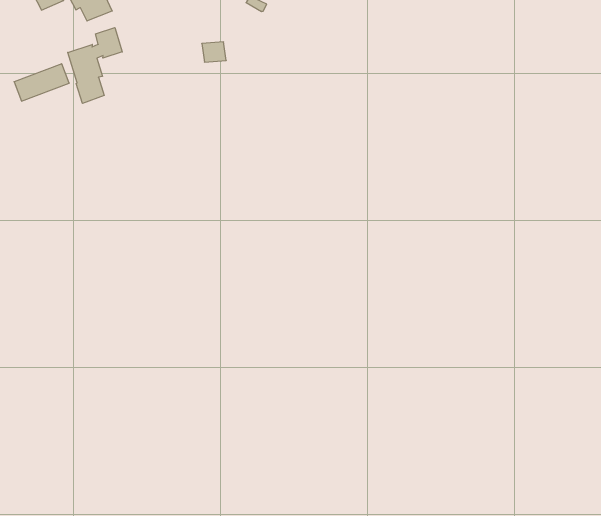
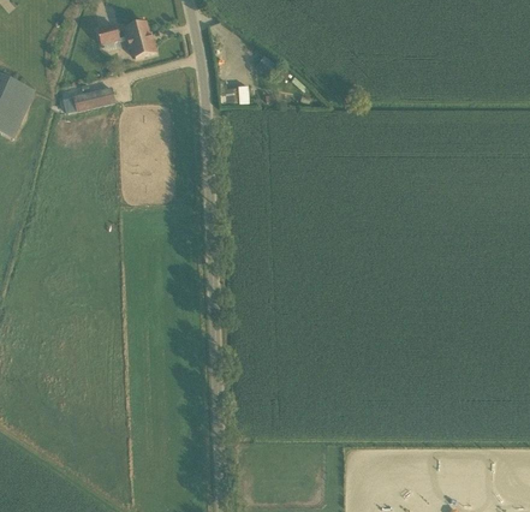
building: [68,28,122,103] -> none

